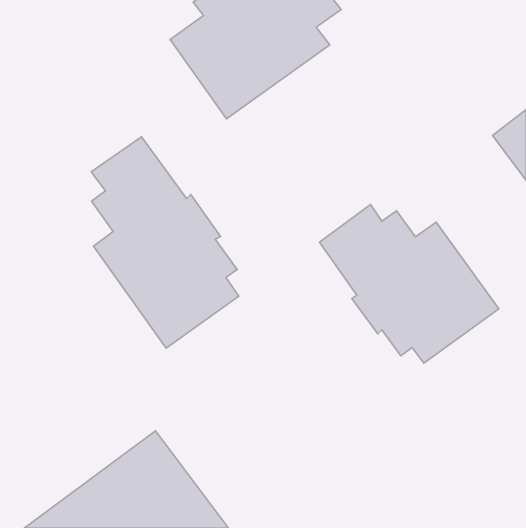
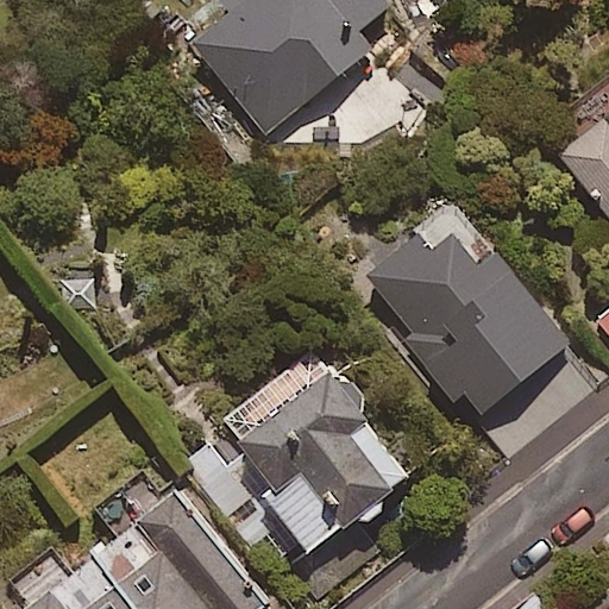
building: [91,137,239,348] -> none
building: none -> [219,345,413,557]

